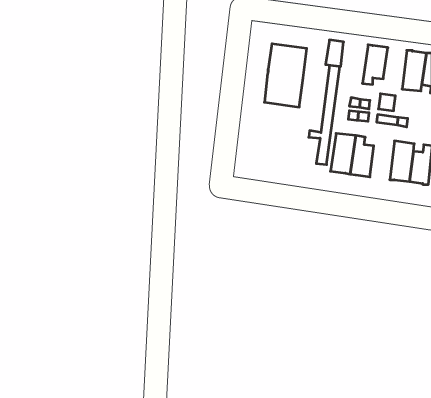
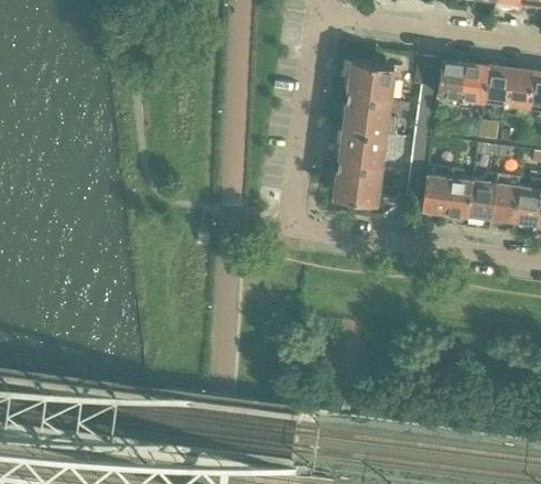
building: none -> [436,61,466,108]
building: none -> [484,66,511,115]
building: none -> [335,130,386,204]
building: none -> [468,173,497,221]

